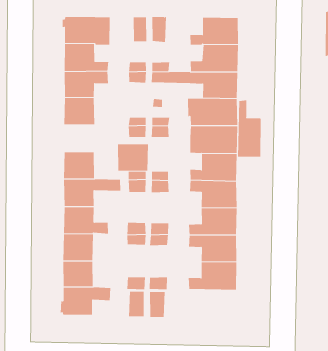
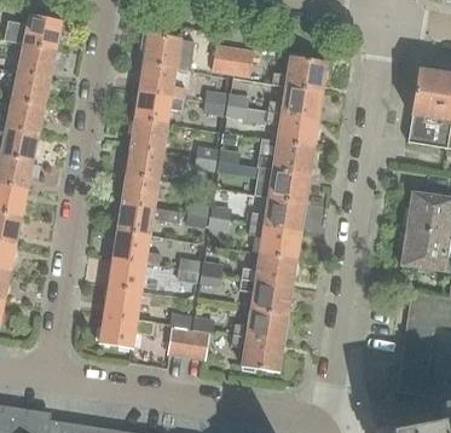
building: [237,99,261,157] -> none
building: [117,144,149,171] -> [126,145,162,178]
building: none -> [231,334,283,370]

